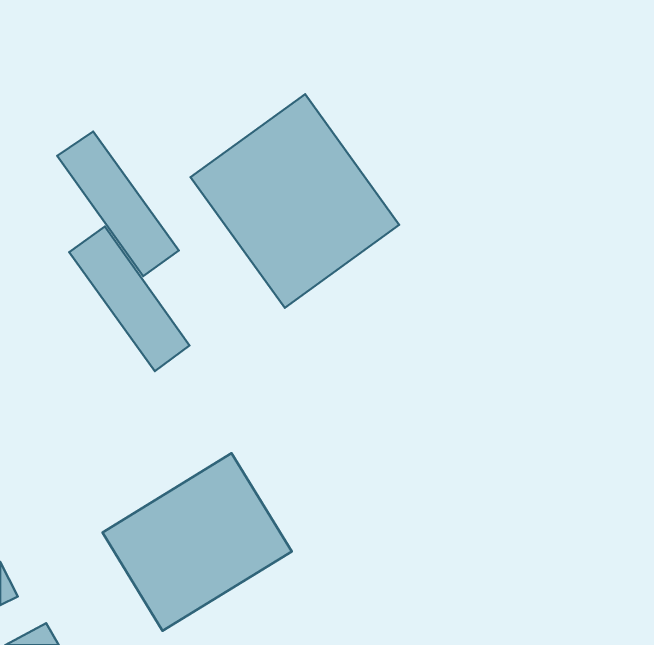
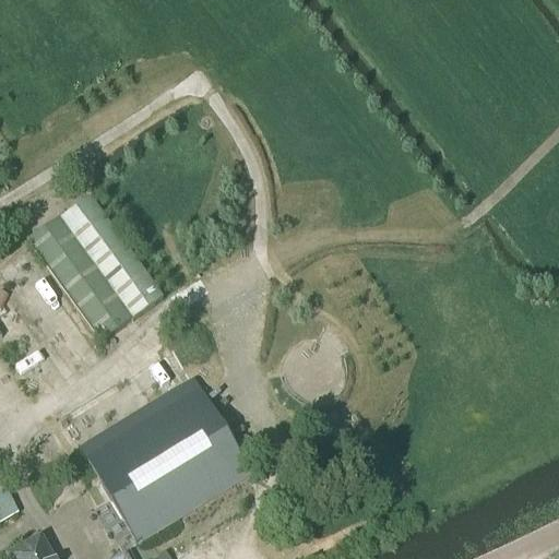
building: [191,94,399,308] -> none
building: [57,131,179,276] -> [28,215,132,338]

